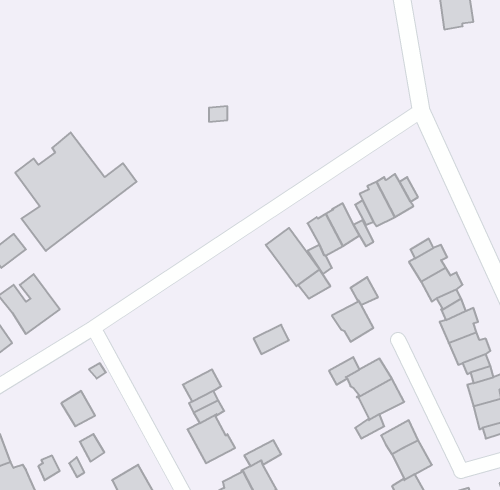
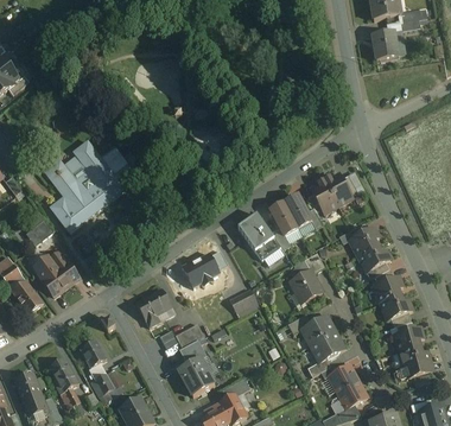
building: none -> [183,254,220,287]
building: none -> [136,288,171,326]
building: none -> [50,357,78,393]

